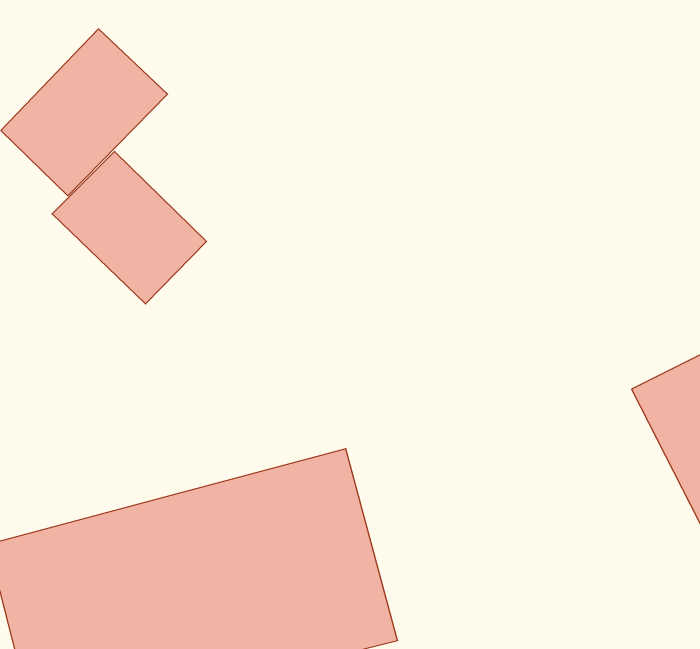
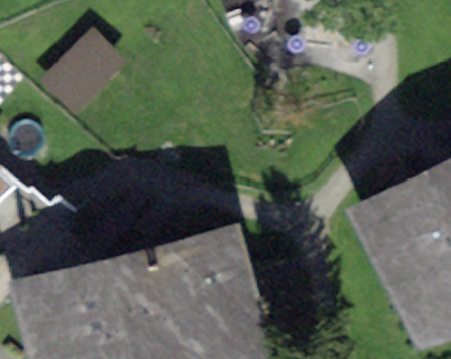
building: [52,151,206,304] -> none

